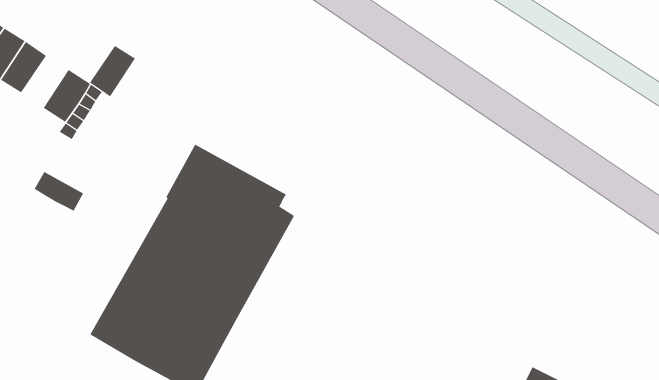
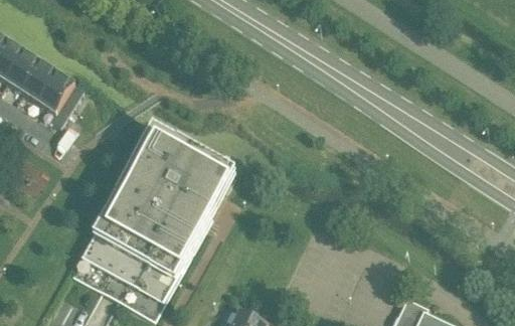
building: [89,45,136,97] -> [23,63,58,103]
building: [34,171,84,211] -> none

